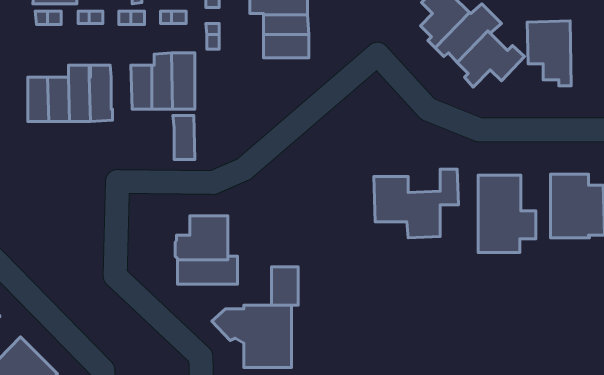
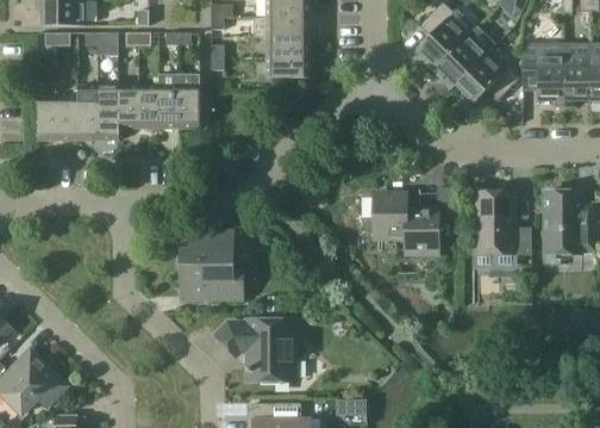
building: none -> [564,43,592,106]
building: [173,116,195,160] -> [118,86,139,129]
building: [272,267,298,305] -> none

